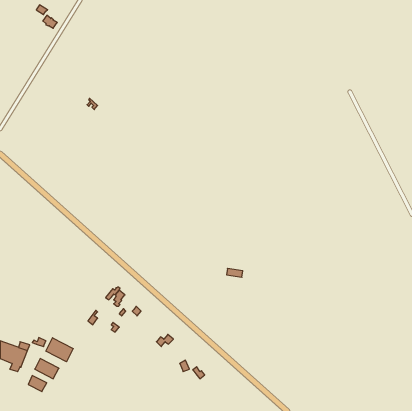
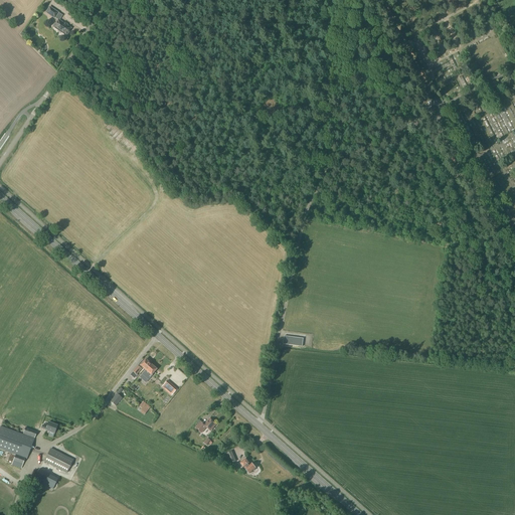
building: [46,338,73,362] -> none

